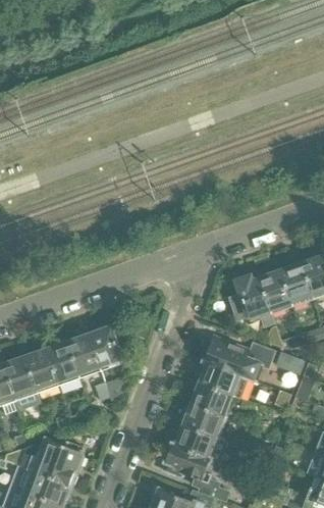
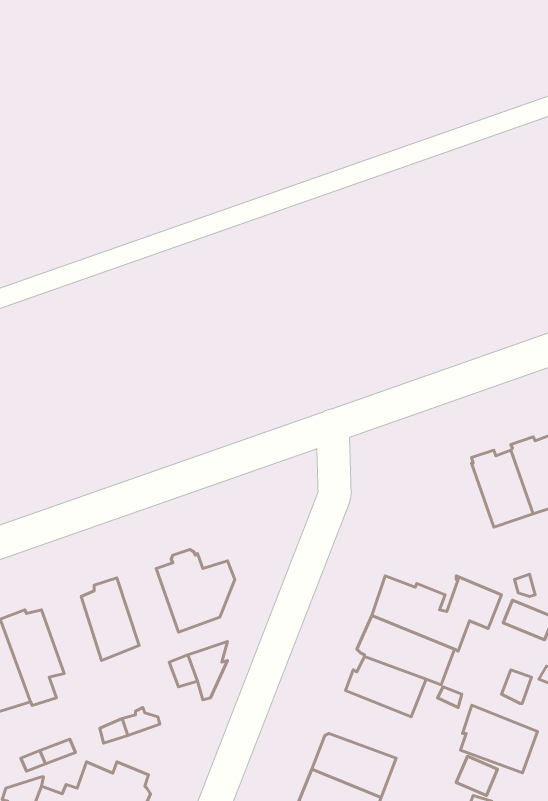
building: [227,275,272,327] -> none
building: [64,336,98,377] -> none
building: [23,351,56,393] -> none
building: [182,402,224,439] -> [461,705,538,773]

